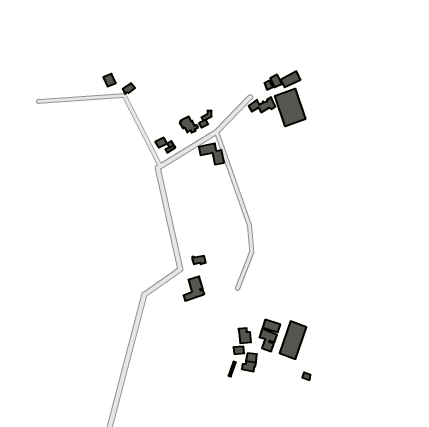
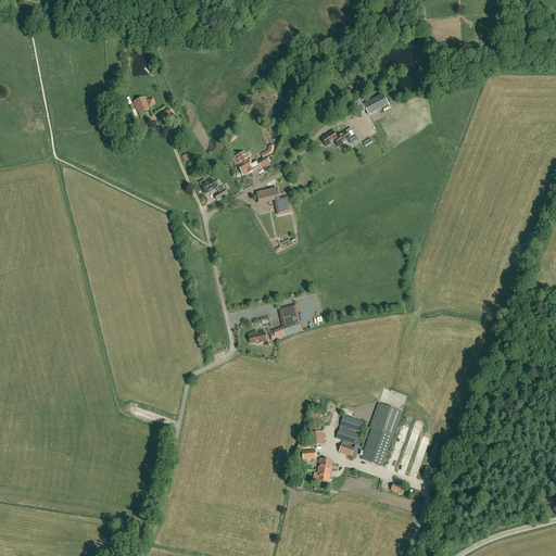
building: [275,89,305,126] -> none
building: [183,276,204,301] -> [274,305,301,337]

